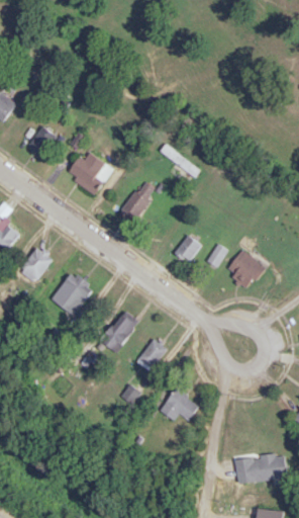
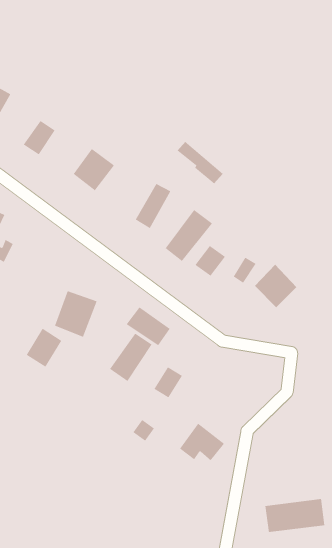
building: none -> [165,209,213,262]
building: [20,246,52,280] -> [26,328,62,368]
building: none -> [126,306,170,346]

